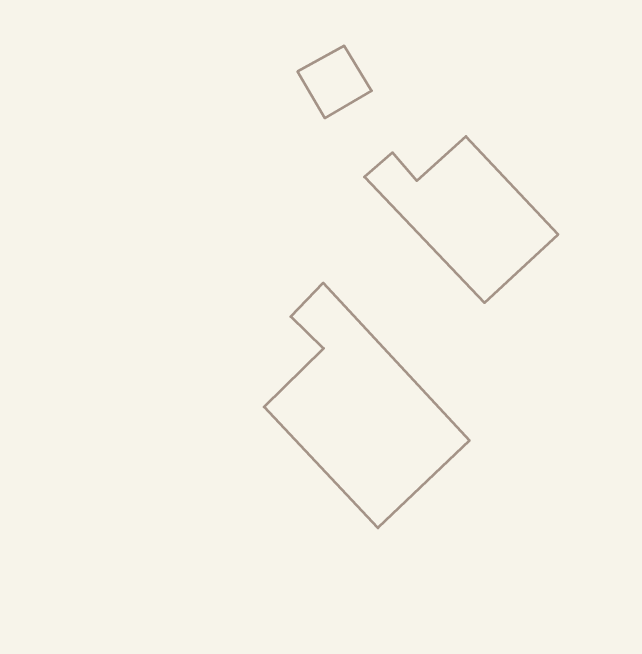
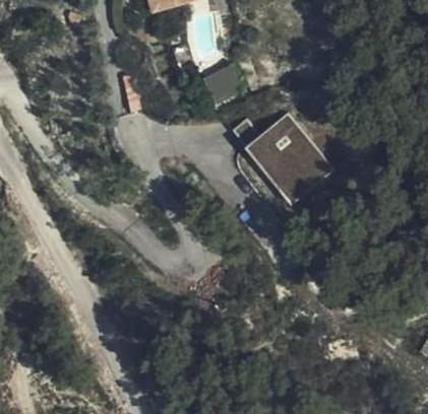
building: [264,283,469,528] -> none

